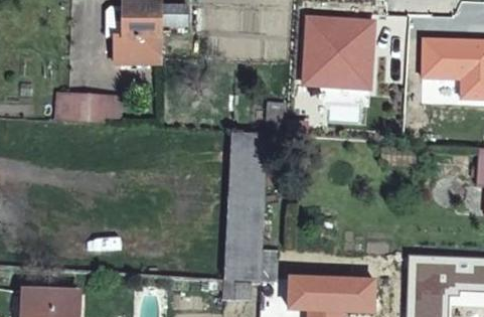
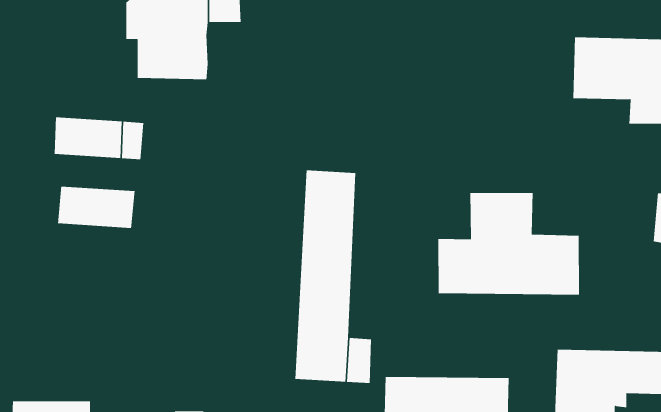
building: [303,16,375,87] -> none
building: none -> [57,186,135,229]
building: none -> [438,192,579,296]

